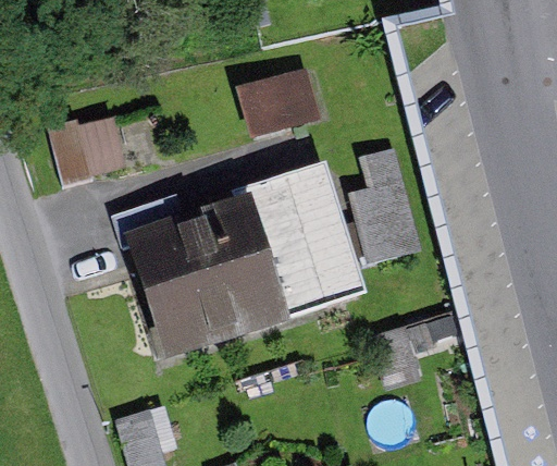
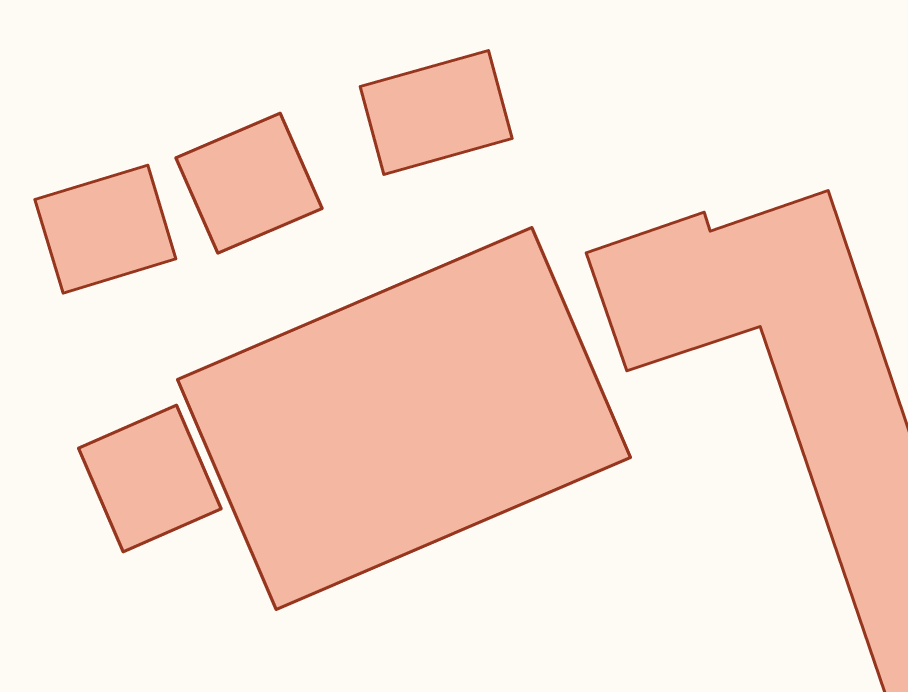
building: none -> [176,113,322,253]
building: none -> [79,405,221,552]

